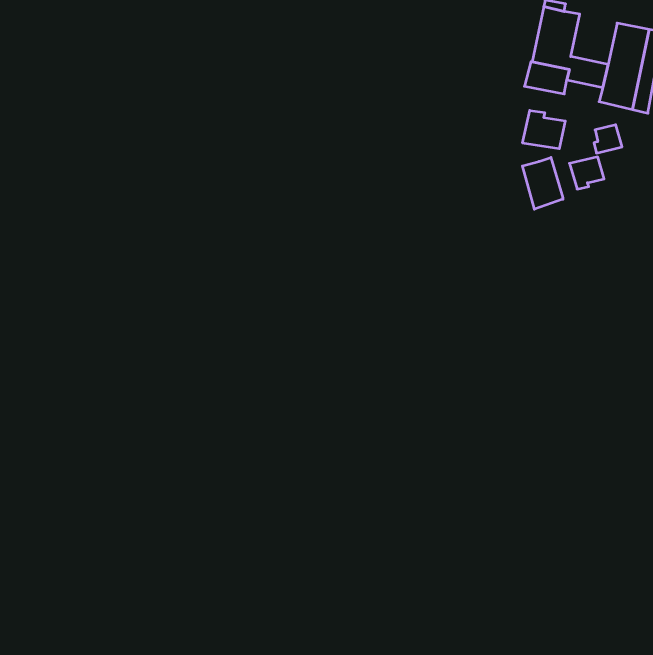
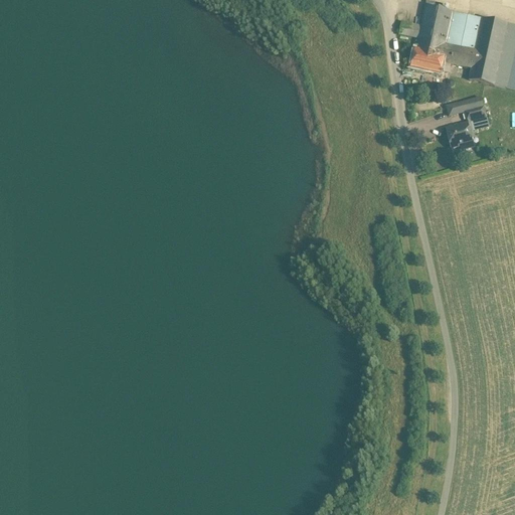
building: none -> [450,11,486,50]
building: [523,110,565,149] -> none
building: [522,157,563,209] -> none

